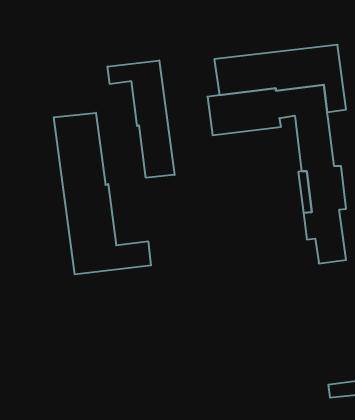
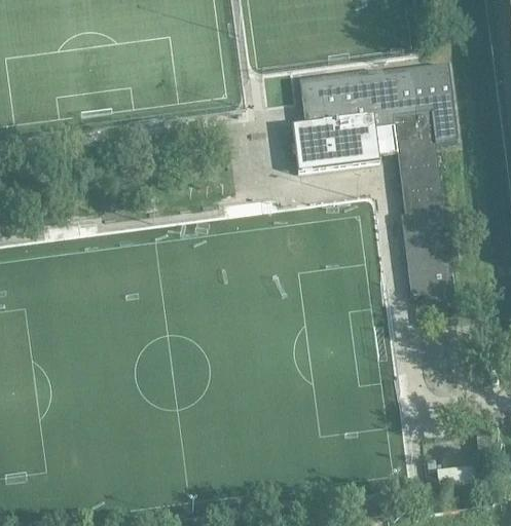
building: [108,60,175,178] -> none
building: [54,113,151,274] -> none

